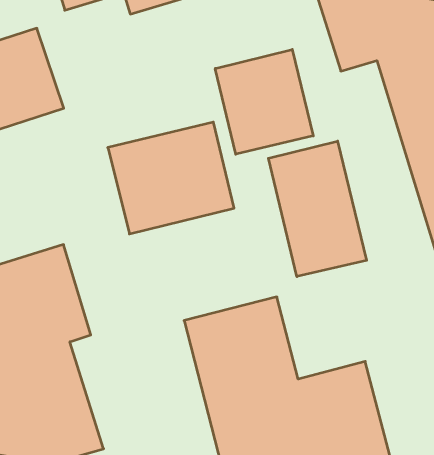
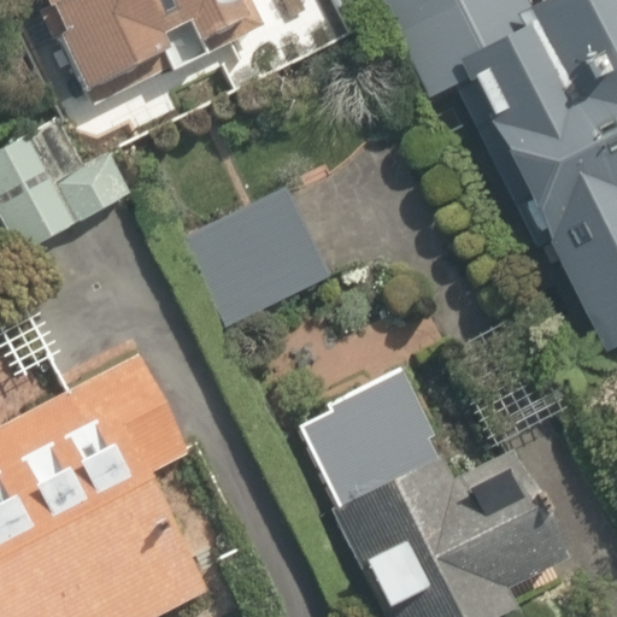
building: [215,49,313,154] -> none
building: [268,141,367,277] -> none

